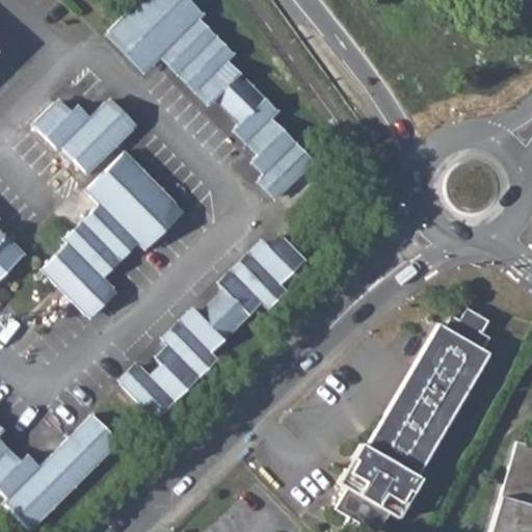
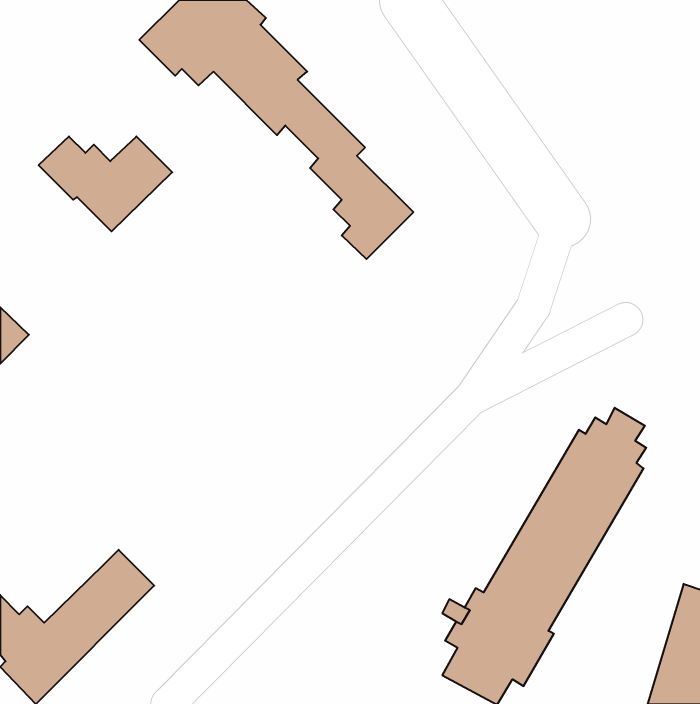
building: [42,152,177,315] -> none
building: [122,236,305,419] -> none

